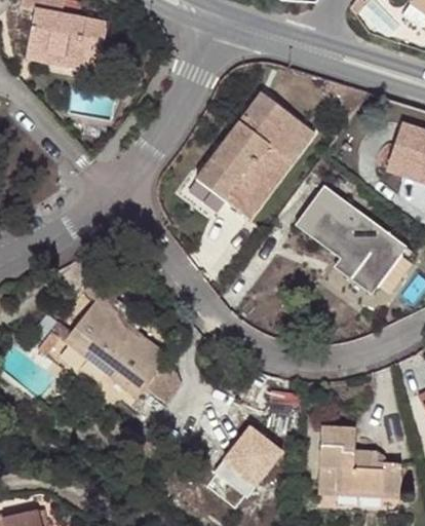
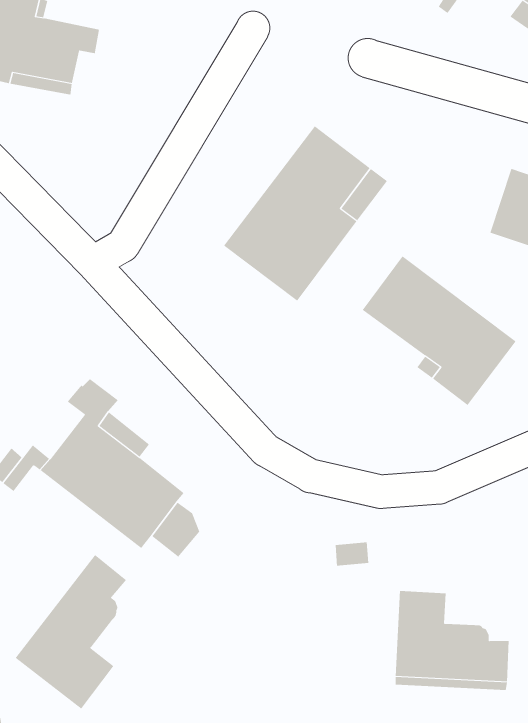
building: none -> [15,554,127,710]
building: [206,420,289,506] -> none

